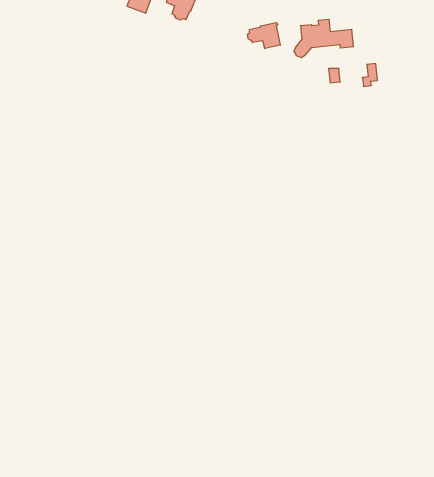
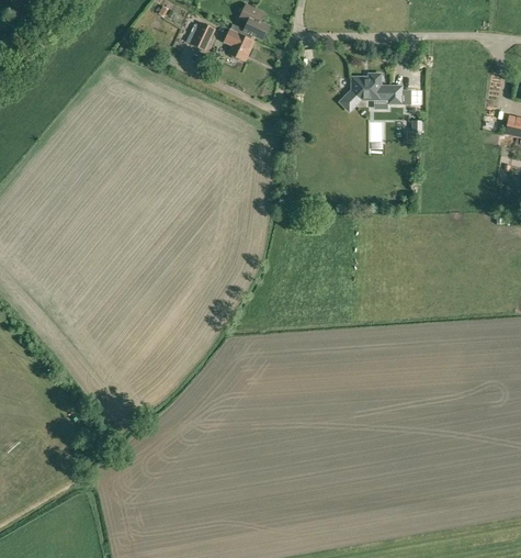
building: [247,23,280,49] -> none

